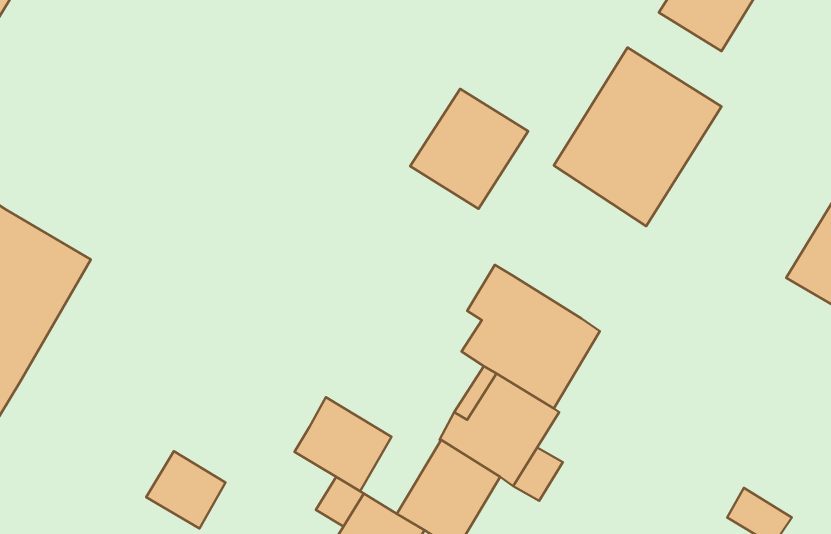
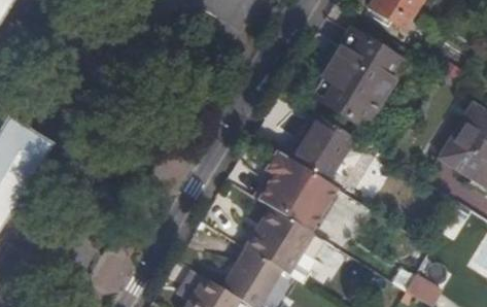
building: [410,89,528,209] -> [287,112,353,179]
building: [294,397,392,491] -> none

